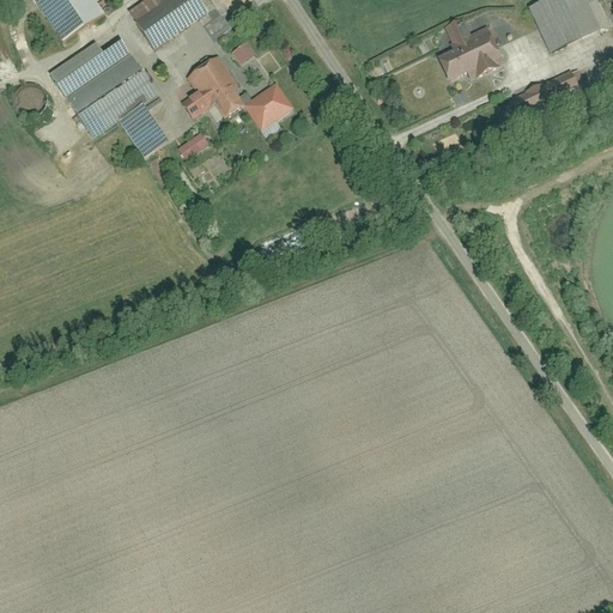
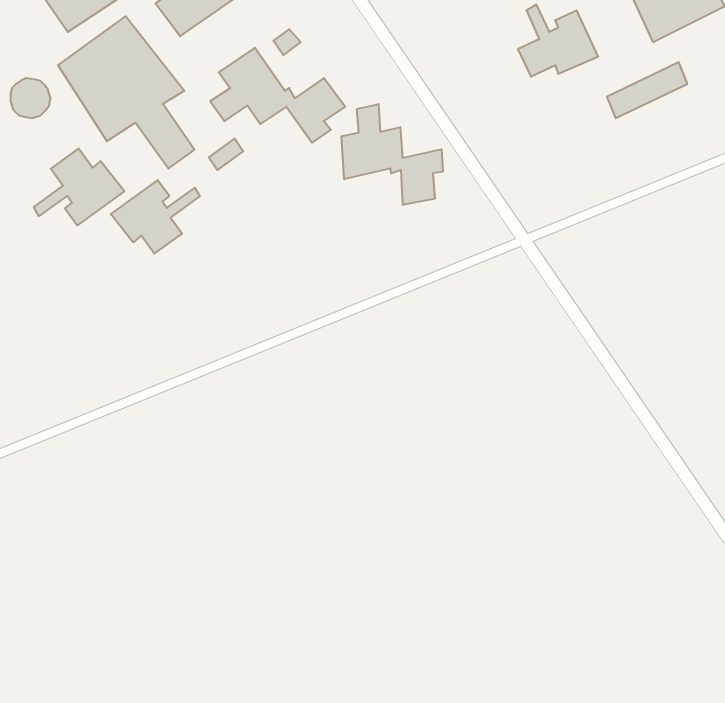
building: none -> [341,104,443,205]
building: none -> [34,149,124,225]
building: none -> [111,180,200,254]

